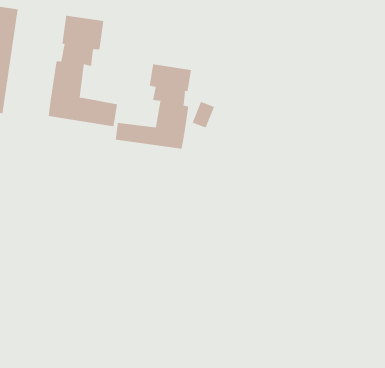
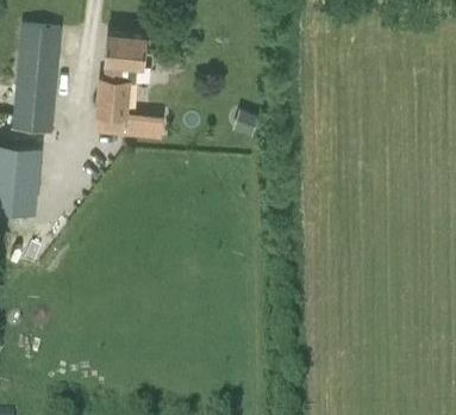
building: [115,63,192,150] -> none

